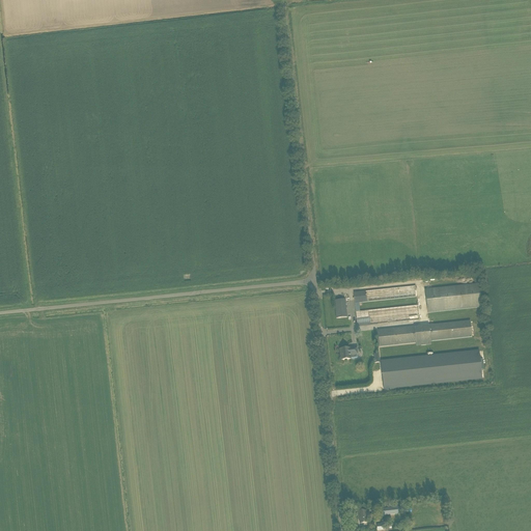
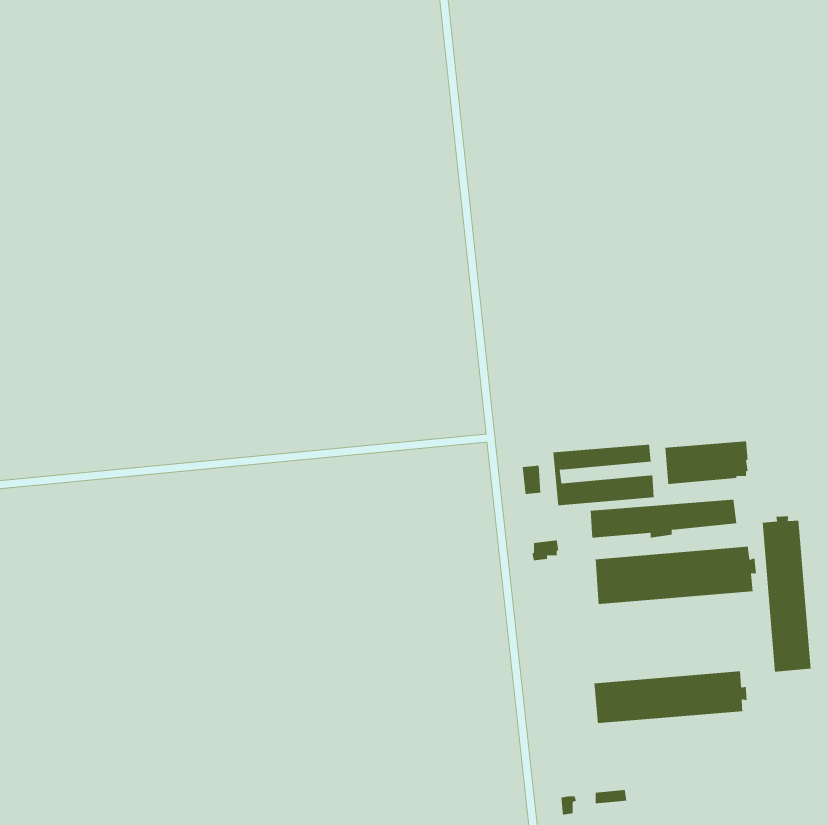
building: none -> [762,515,811,673]
building: none -> [594,671,747,724]

